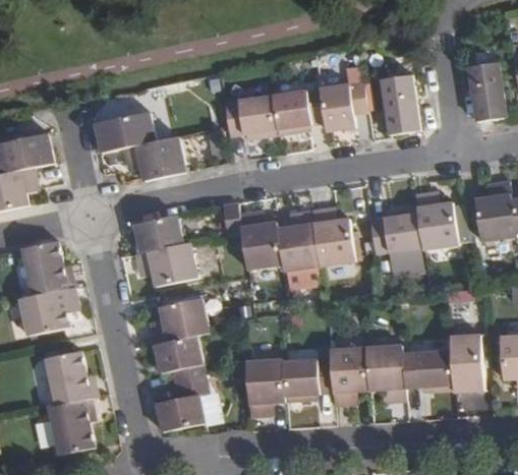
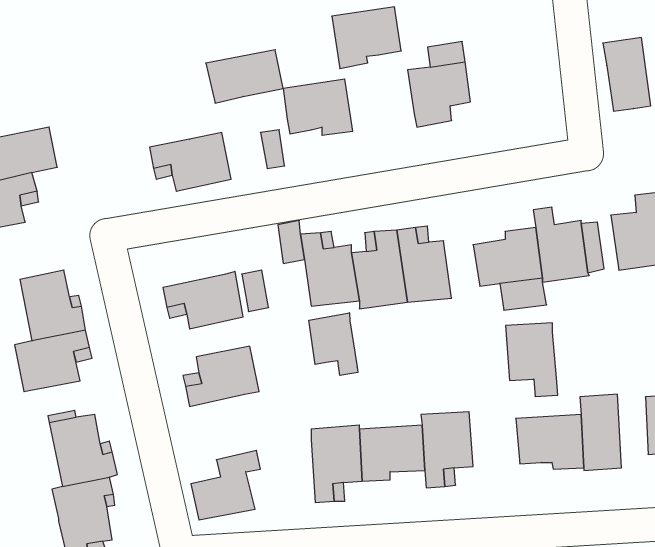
building: [381,74,419,133] -> none
building: [272,87,325,134] -> [332,7,401,68]
building: [95,111,154,152] -> [206,50,283,103]
building: [132,215,181,252] -> none
building: none -> [309,313,358,375]
building: [154,335,205,384] -> none
building: [366,346,406,402] -> [506,323,558,396]

